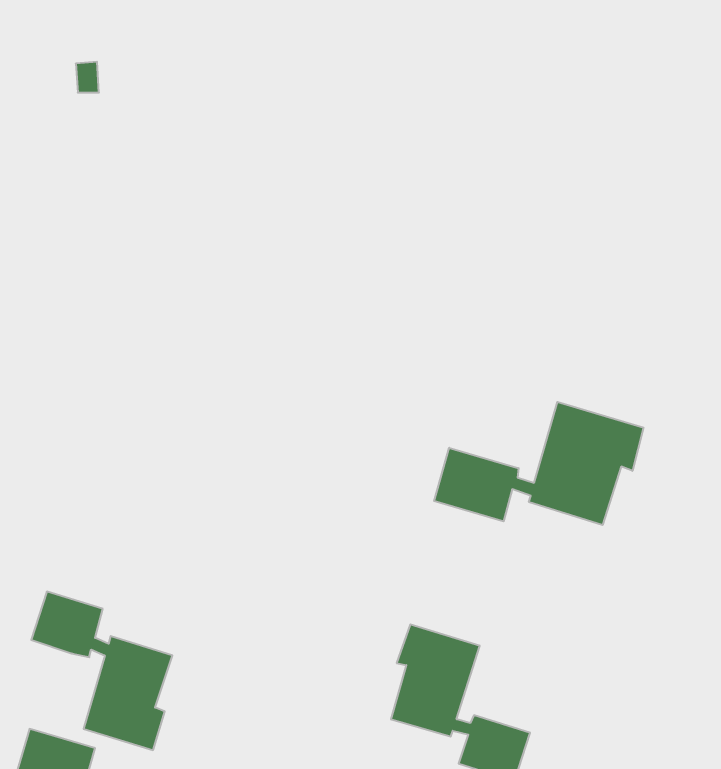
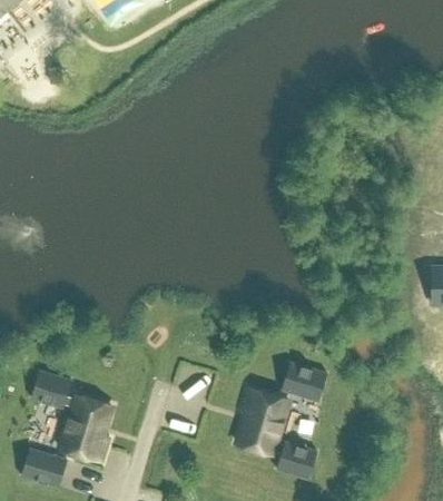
building: [434,402,643,525] -> none
building: none -> [282,362,328,401]

